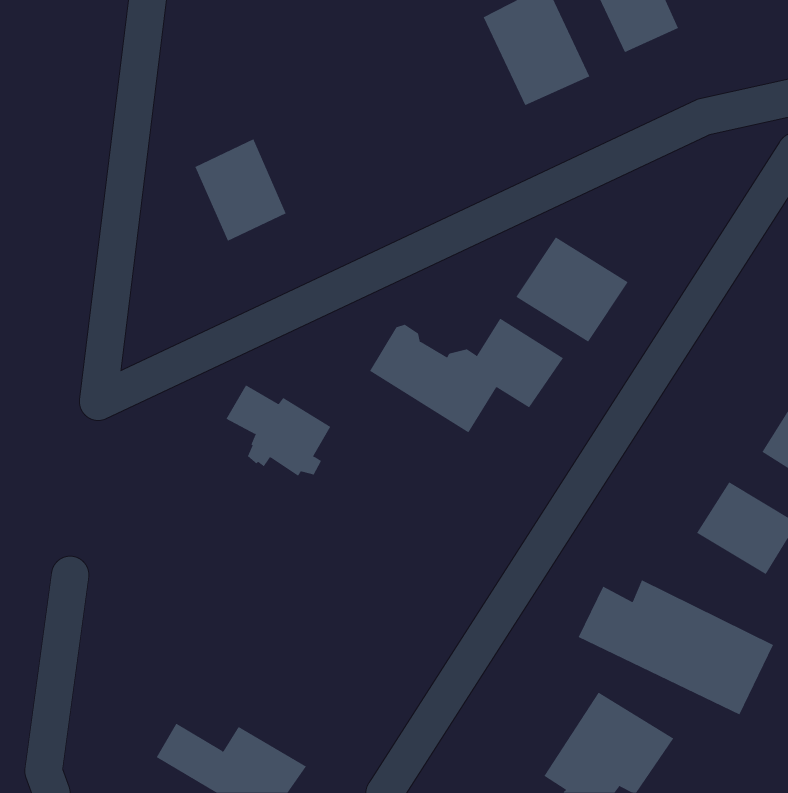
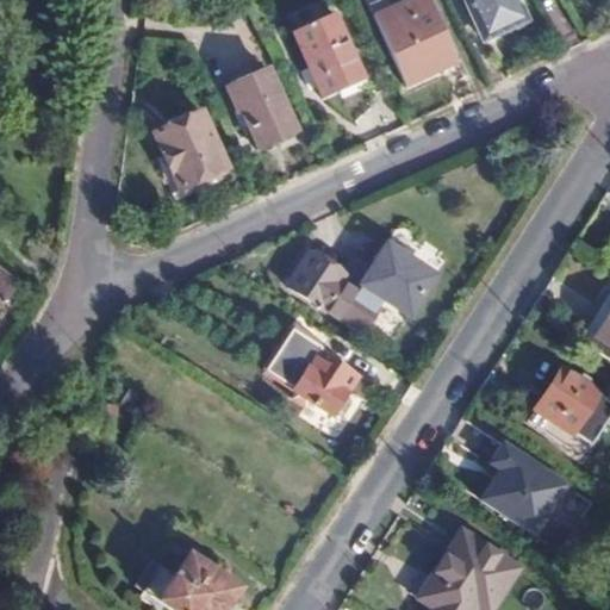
building: none -> [295,8,368,95]
building: none -> [226,64,297,145]
building: [515,237,628,343] -> none
building: [225,385,331,477] -> [279,340,360,410]

